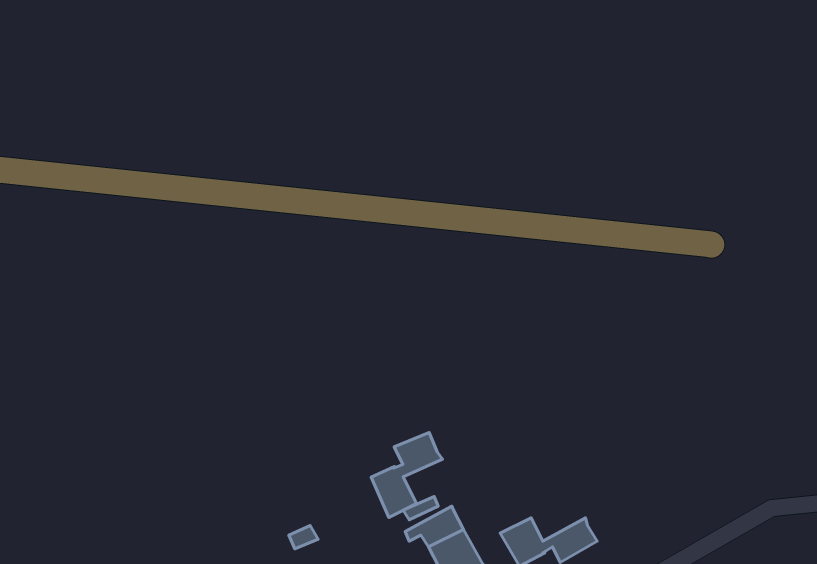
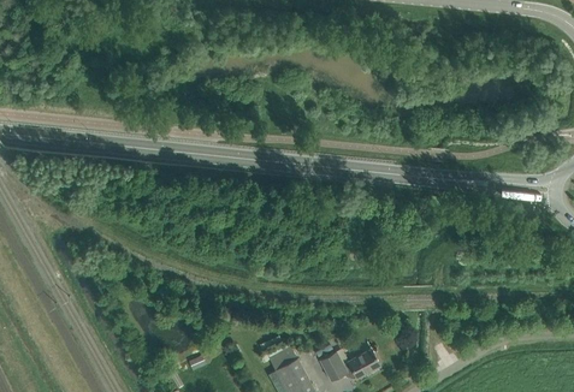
building: [371,432,443,517] -> none

